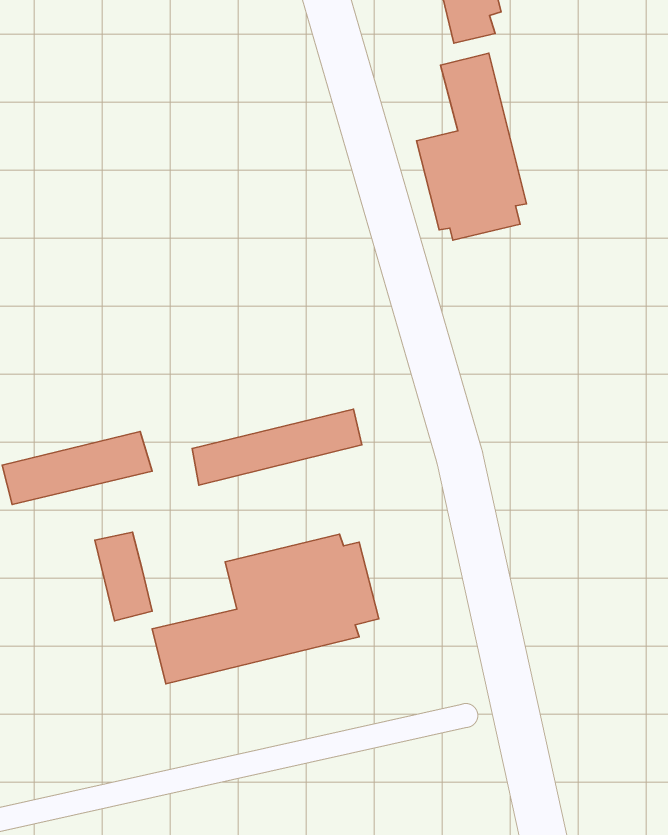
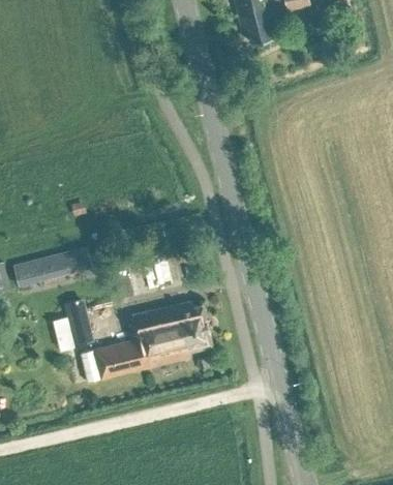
building: [416,53,526,240] -> none
building: [192,409,362,485] -> none

